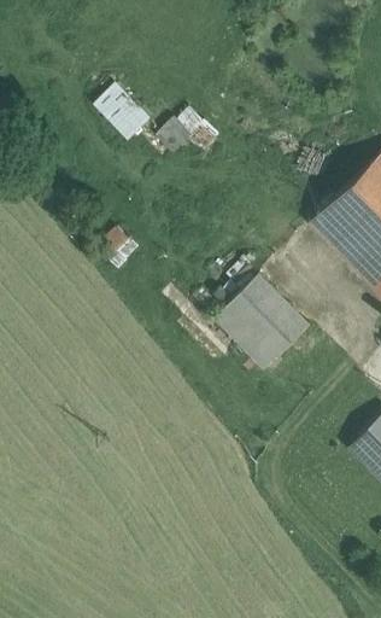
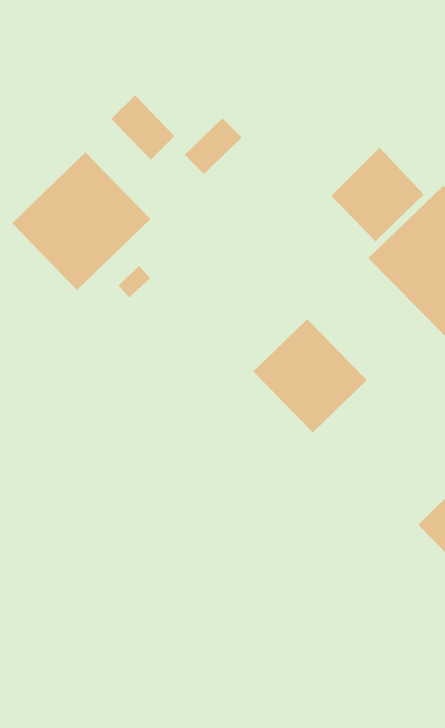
building: none -> [330,147,425,242]
building: none -> [11,152,151,291]

